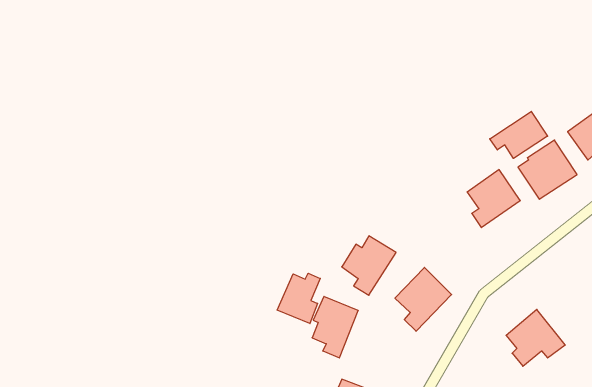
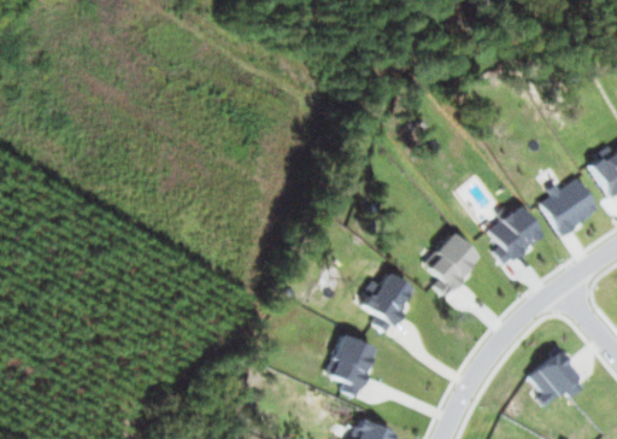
building: [490,111,548,158] -> none
building: [395,267,452,331] -> [423,232,481,297]
building: [277,273,320,324] -> none

